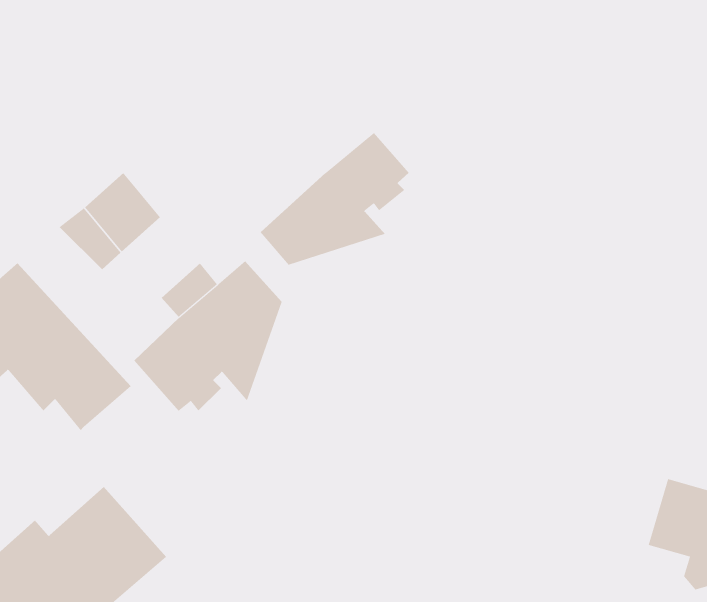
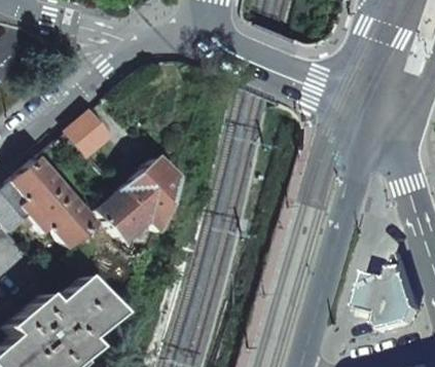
building: [260,132,410,266] -> none

